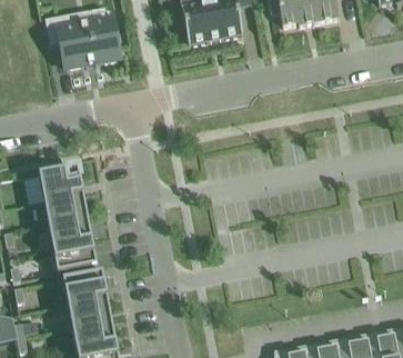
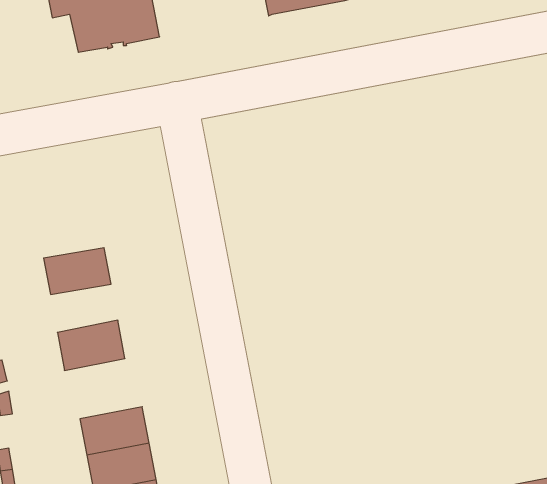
building: [38,167,82,199] -> none
building: [48,216,91,247] -> none
building: [62,270,107,302] -> none

